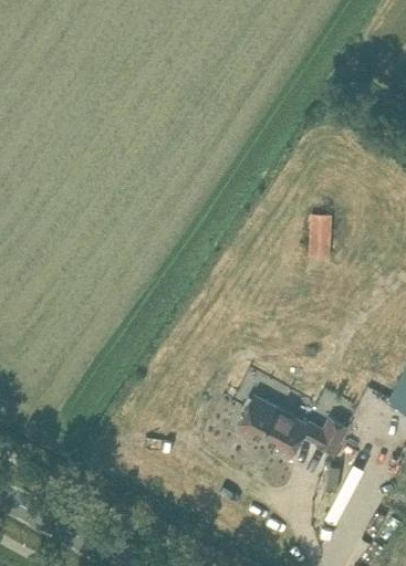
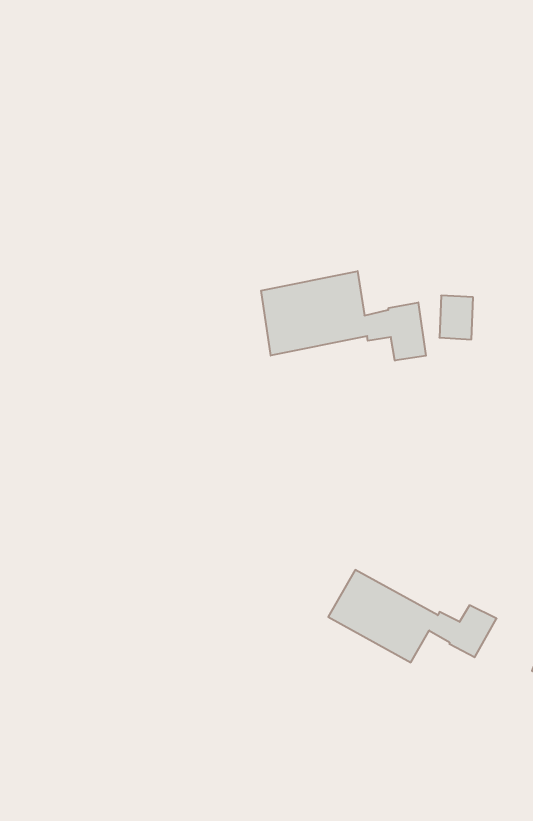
building: none -> [261,271,426,361]

